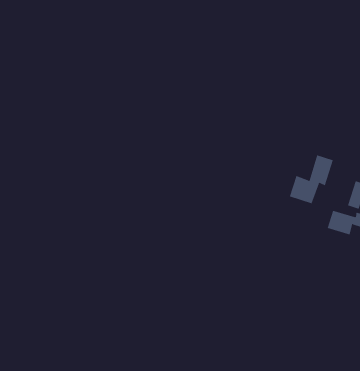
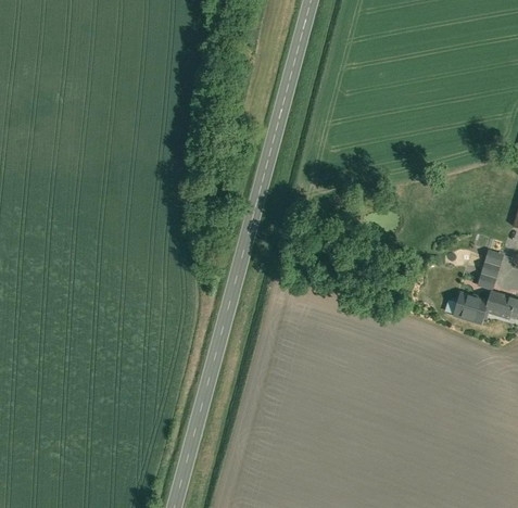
building: [289,155,333,204] -> none

